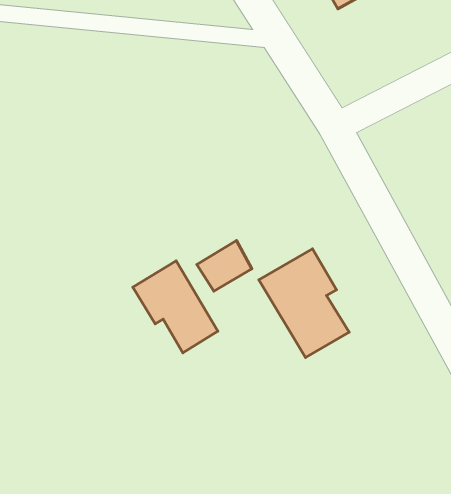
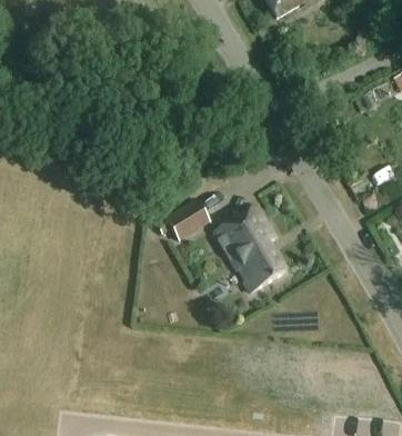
building: [133,261,218,353] -> none

